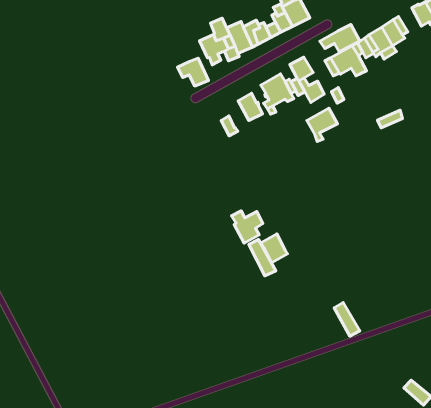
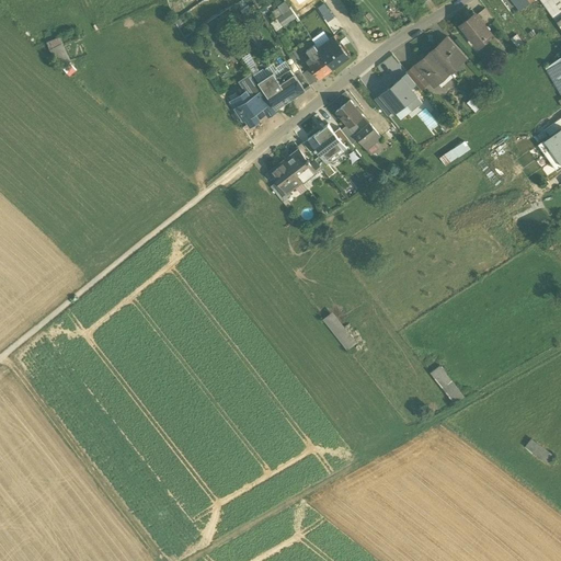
building: [320,24,360,52] -> none
building: [177,58,208,86] -> none
building: none -> [271,161,300,192]
building: [307,108,337,142] -> none
building: [231,211,263,243] -> none
building: [261,234,288,263] -> none

